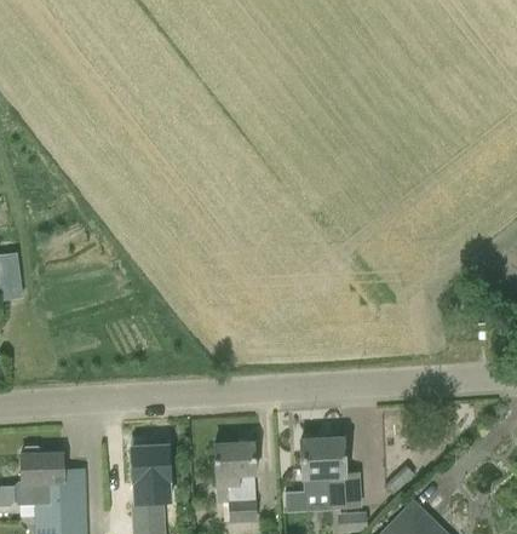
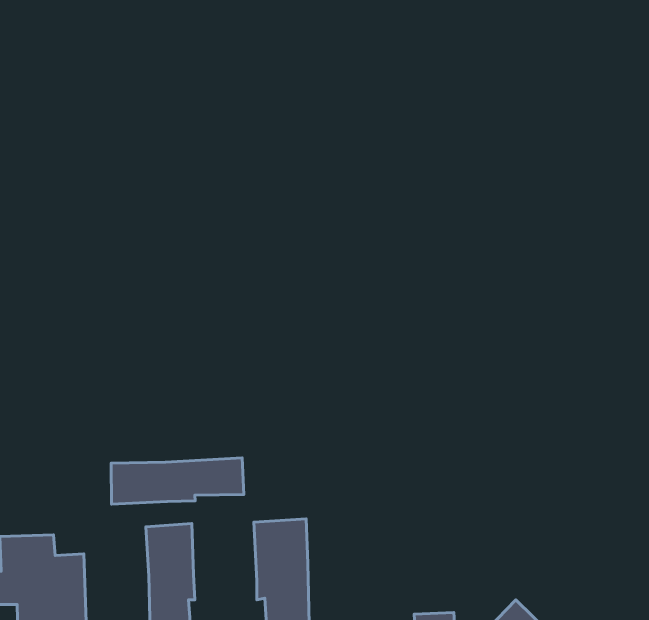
building: none -> [111,458,244,504]
building: [299,437,361,511] -> none

